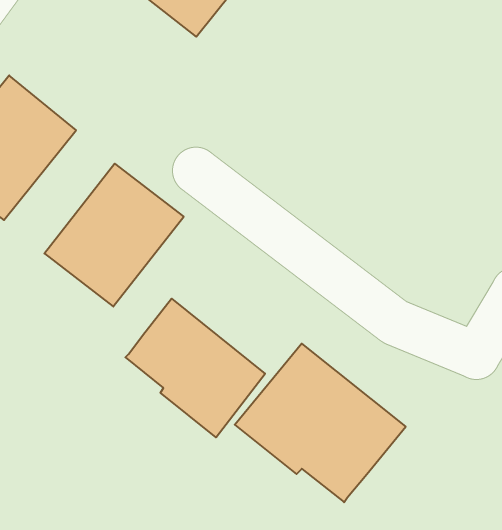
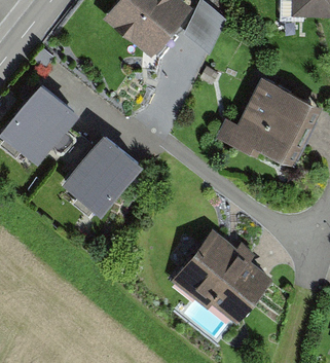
building: none -> [216,74,322,165]
building: [125,299,265,437] -> none

